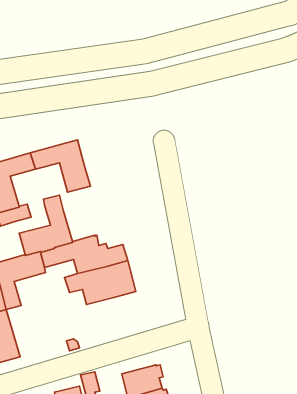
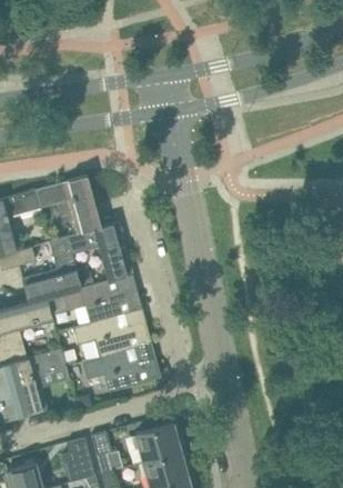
building: none -> [67,222,132,282]
building: none -> [8,349,65,416]
building: none -> [81,350,161,392]

